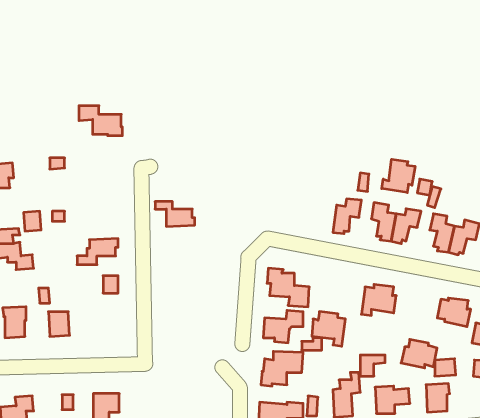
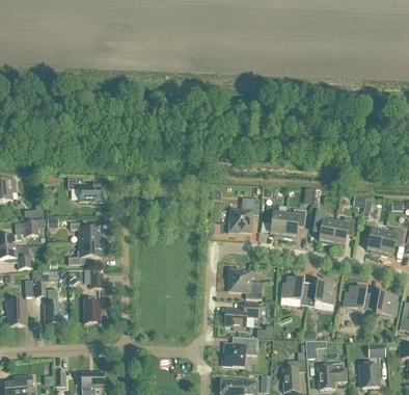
building: [79,106,122,136] -> [67,176,104,201]
building: [382,159,415,193] -> none
building: none -> [227,196,260,232]
building: none -> [265,204,285,236]
building: [155,202,195,226] -> [70,221,103,242]
building: none -> [84,298,101,322]
building: [312,312,345,346] -> [281,275,309,305]
building: [401,339,437,368] -> [343,285,373,309]

